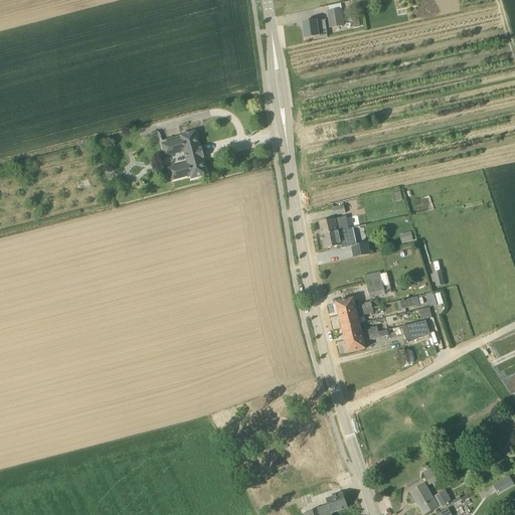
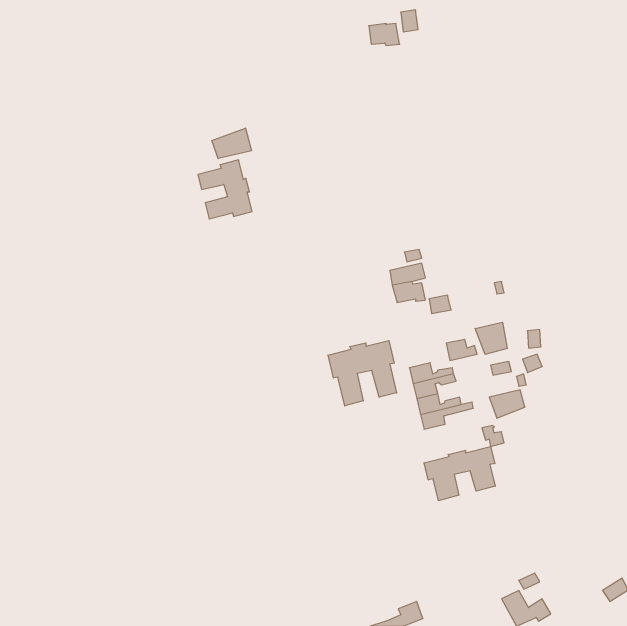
building: none -> [212,128,251,159]
building: none -> [475,322,507,354]
building: none -> [328,341,397,406]
building: none -> [424,446,495,501]

